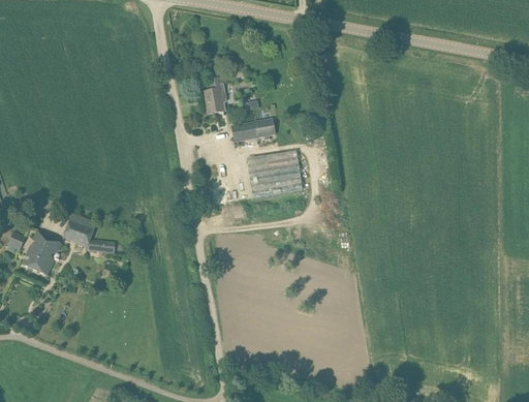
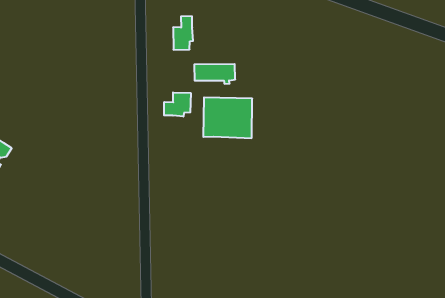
building: none -> [164,92,191,117]
building: [64,213,116,253] -> none

